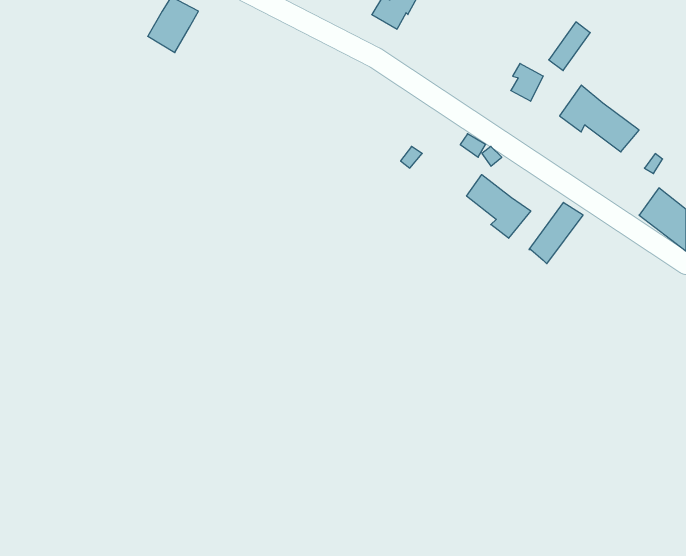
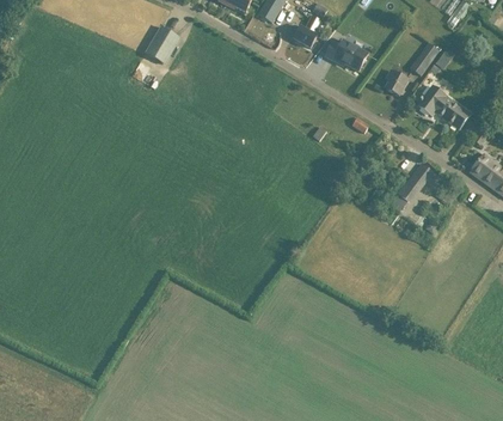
building: none -> [324,38,367,69]
building: [467,175,531,238] -> none

